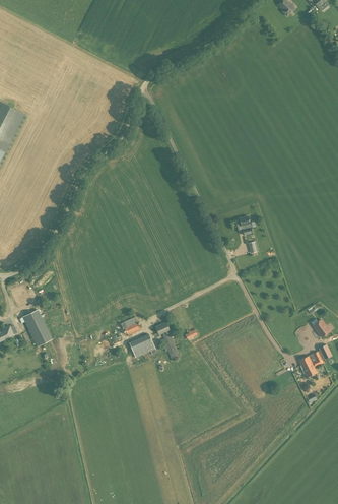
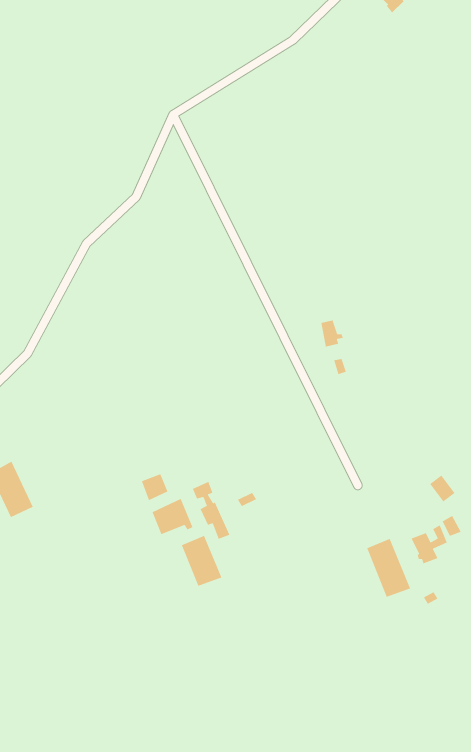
building: none -> [181,535,223,587]
building: none -> [366,538,411,598]

